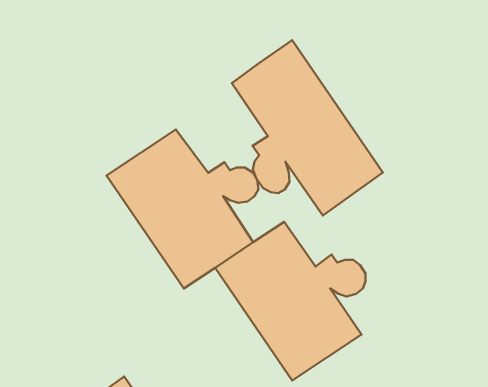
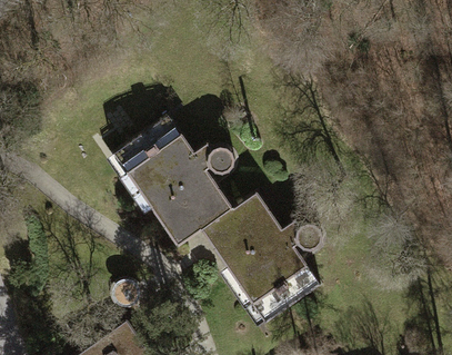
building: [232,40,383,216] -> none

